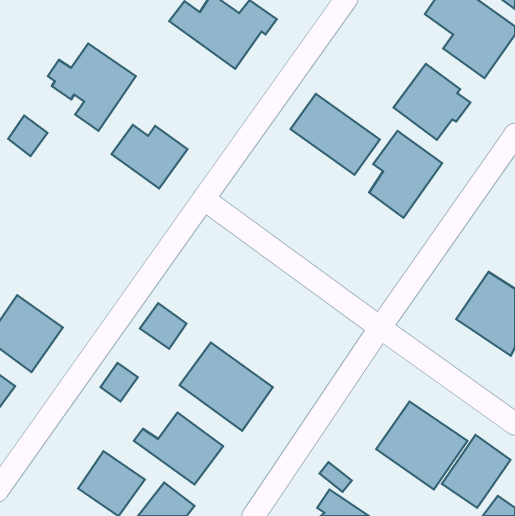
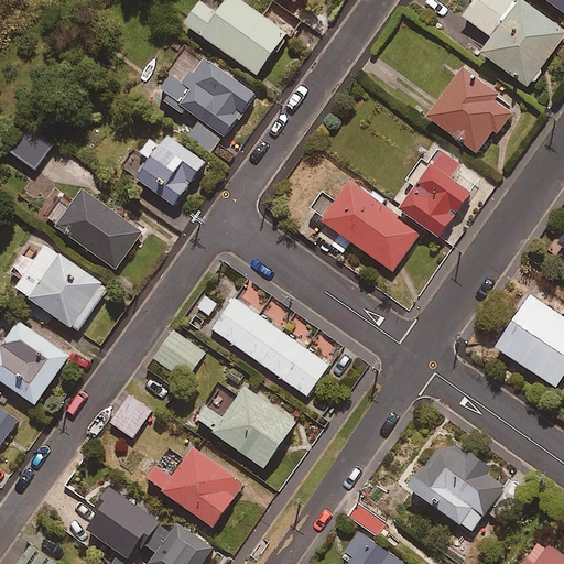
building: [48,44,136,131] -> [159,57,254,152]
building: [291,94,380,175] -> [322,182,419,270]
building: none -> [56,192,140,270]
building: none -> [14,243,107,332]
building: none -> [209,297,327,394]
building: [442,435,510,508] -> none

